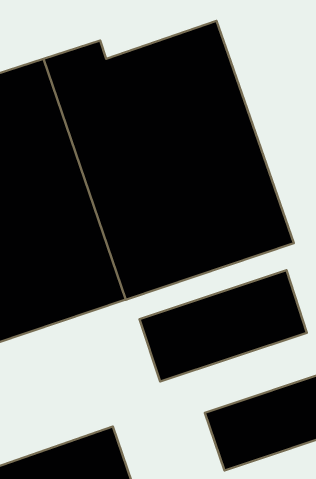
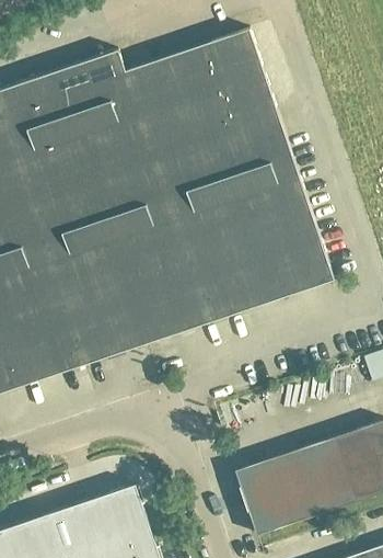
building: [139,270,307,382] -> none

